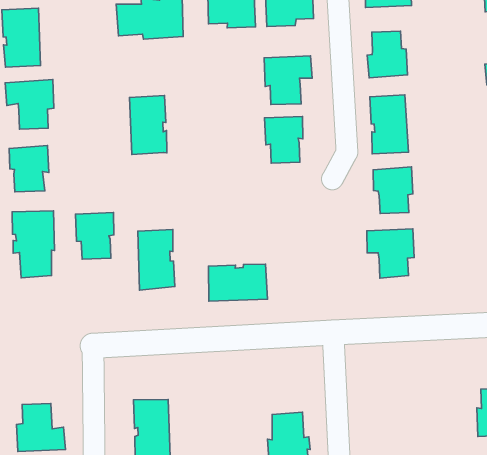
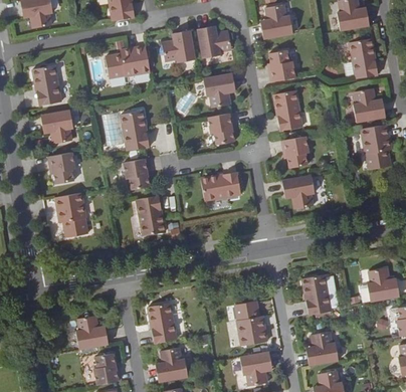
building: [75,213,114,259] -> [124,158,150,190]
building: [208,264,267,301] -> [201,172,241,200]
building: none -> [301,275,331,316]

